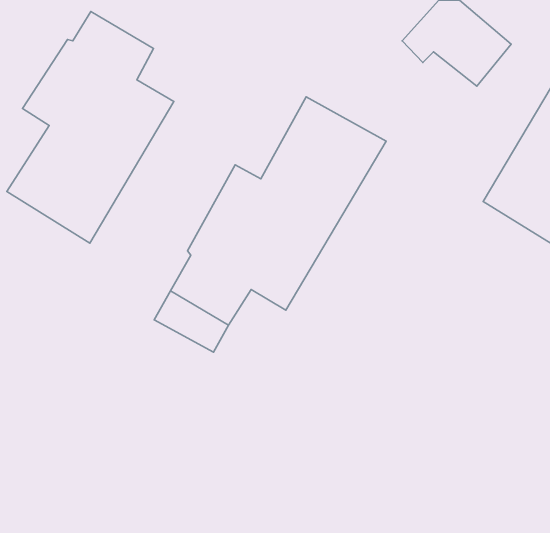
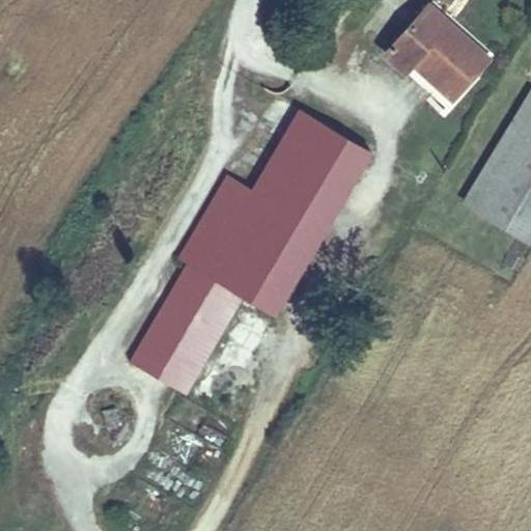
building: [7,12,174,243] -> none
building: none -> [132,325,206,391]

